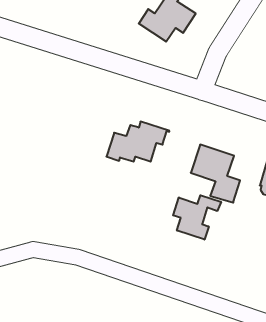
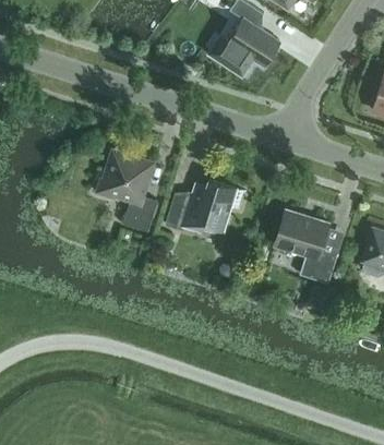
building: none -> [96,148,158,230]
building: [173,195,221,240] -> none

